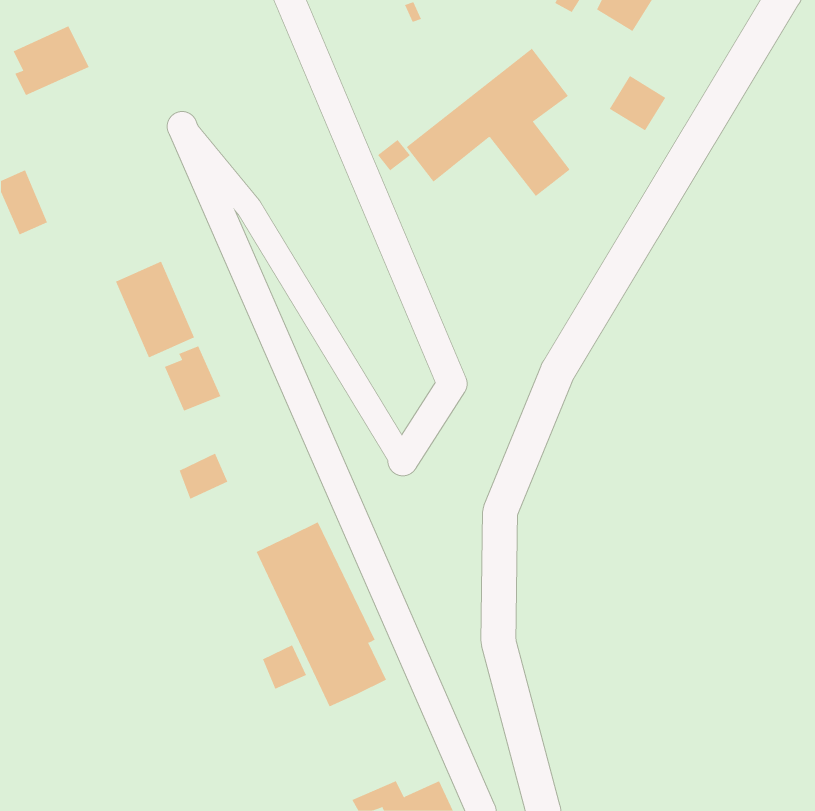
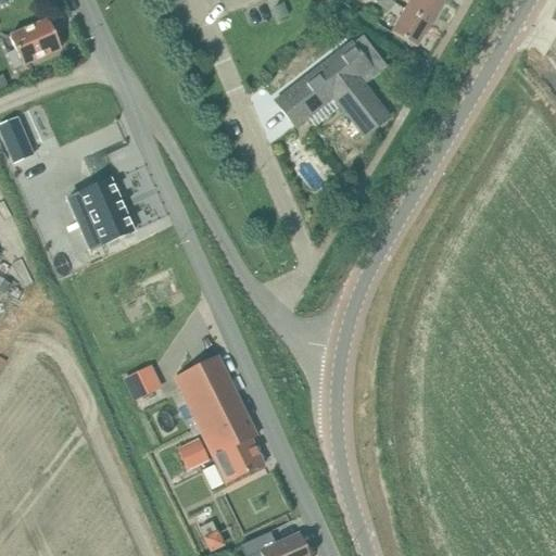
building: [609,75,666,131] -> [392,7,431,45]
building: [164,345,221,411] -> none
building: [179,453,228,499] -> [126,364,160,395]

